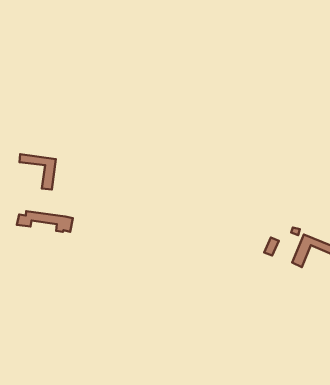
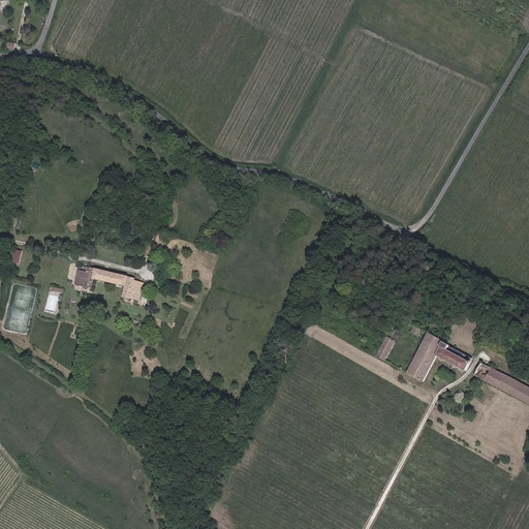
building: [19,154,56,189] -> none

